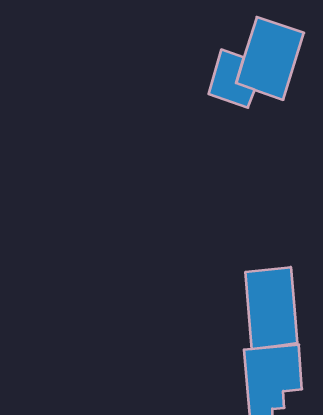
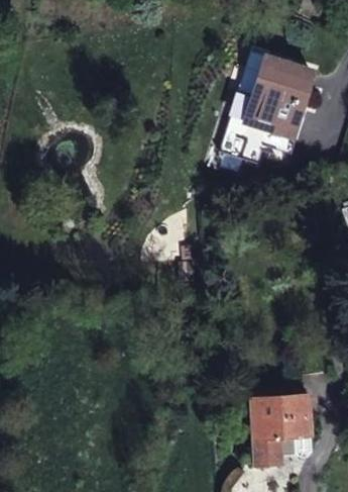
building: [246,267,297,349] -> none

